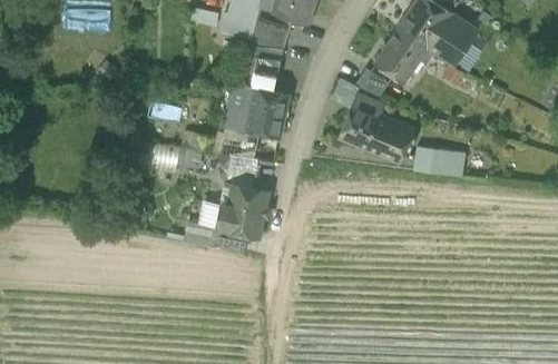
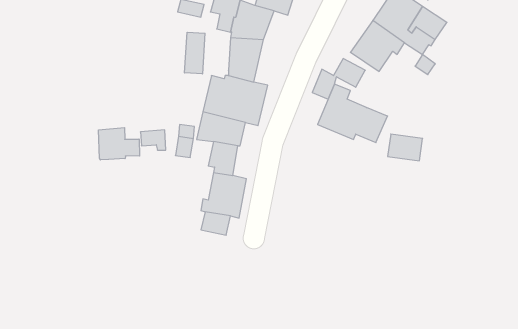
building: none -> [185,32,205,74]
building: none -> [99,128,140,160]

